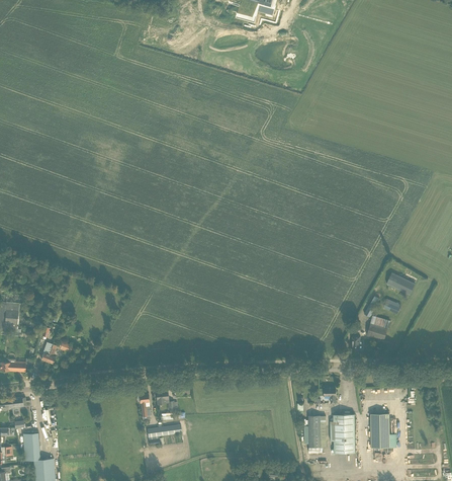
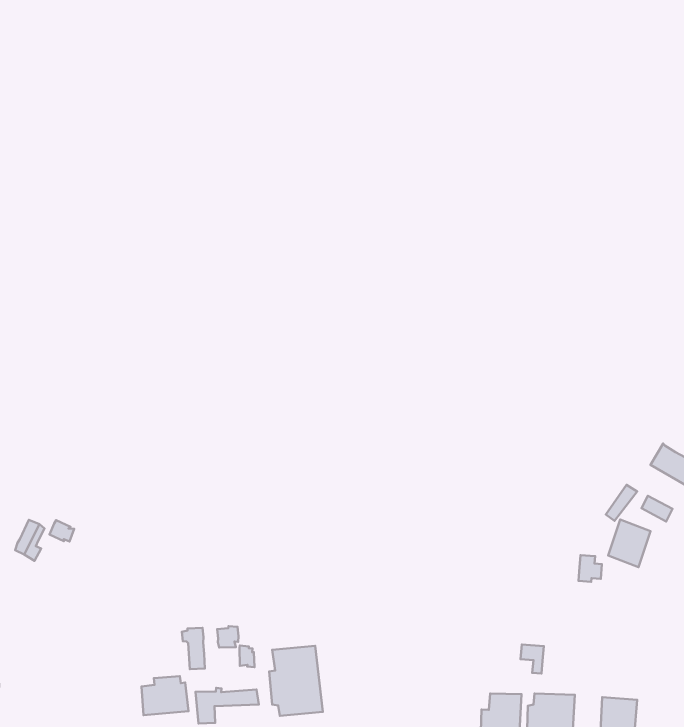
building: none -> [269,646,323,716]
building: none -> [142,676,189,715]

